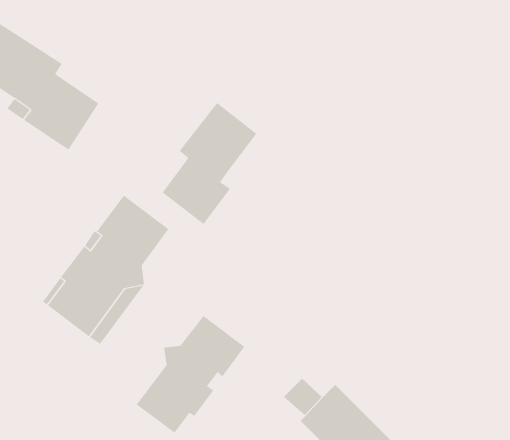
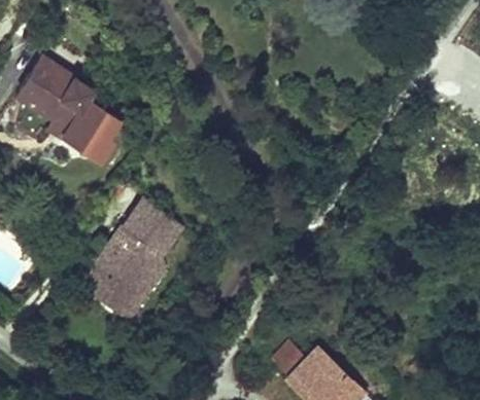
building: [162,102,257,225] -> none
building: [136,315,245,433] -> none

